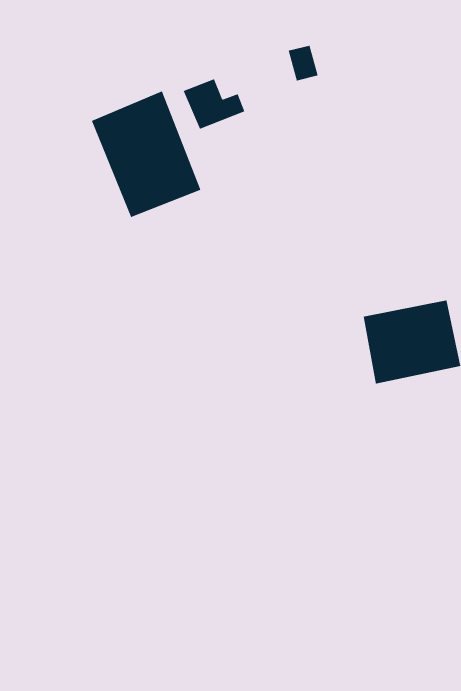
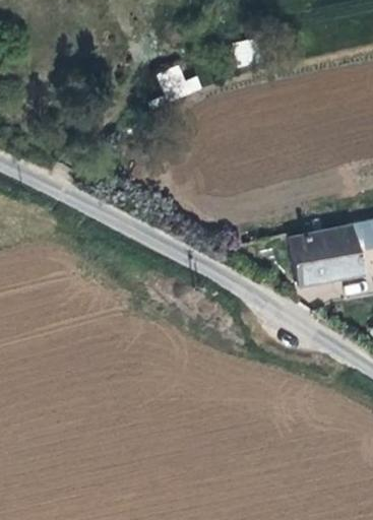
building: [91,90,201,218] -> none

